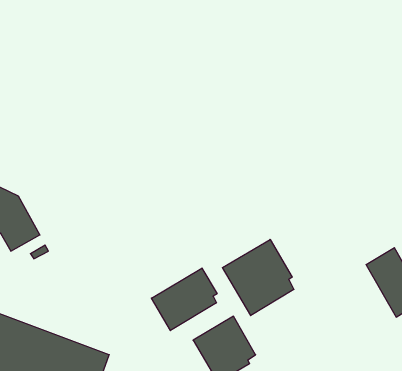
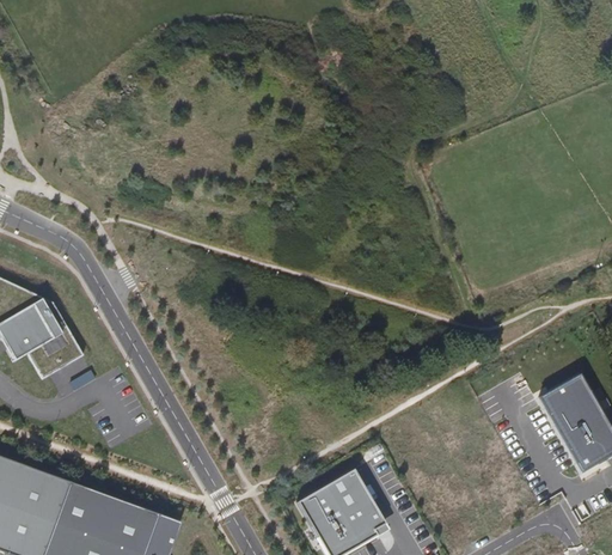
building: [222,239,294,316] -> none
building: [151,268,217,331] -> none

